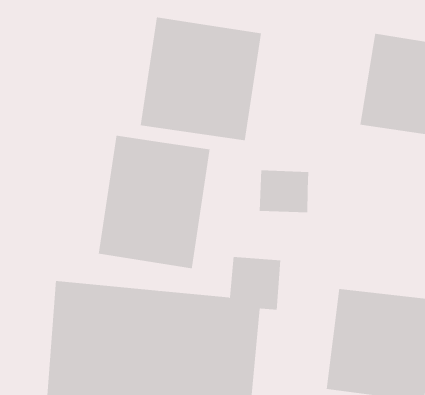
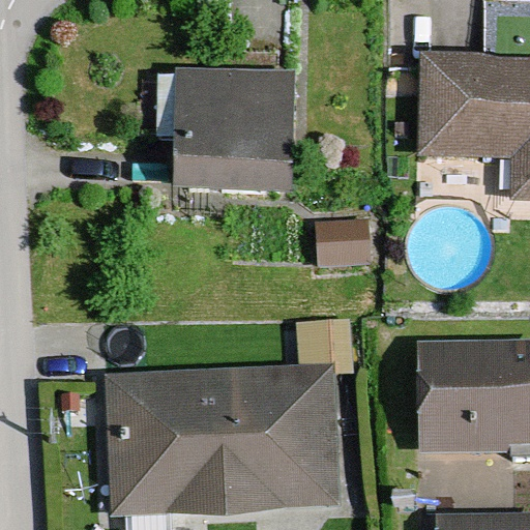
building: [98,135,210,269] -> none

